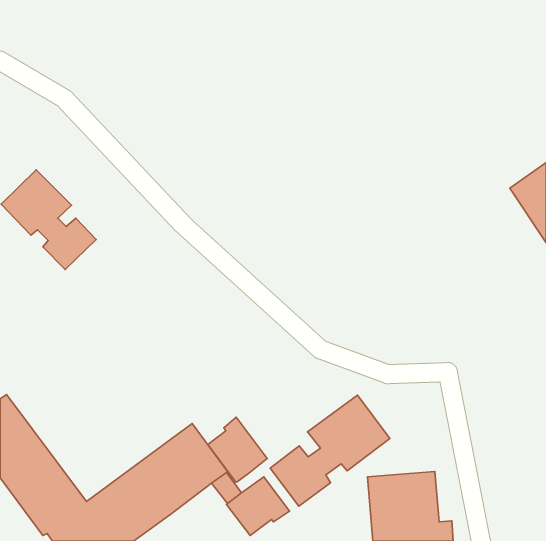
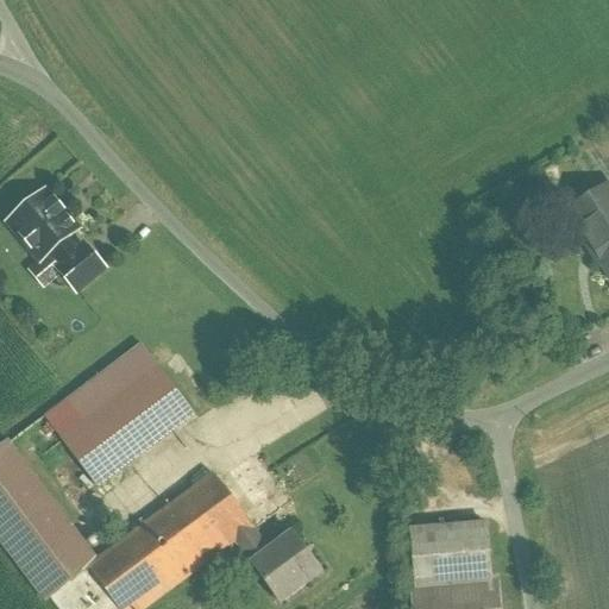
building: none -> [45,343,194,483]
building: [270,395,390,506] -> none
building: [208,417,267,482] -> none

